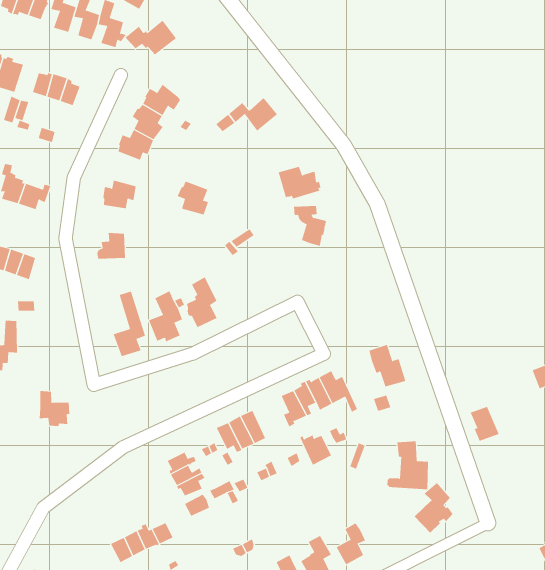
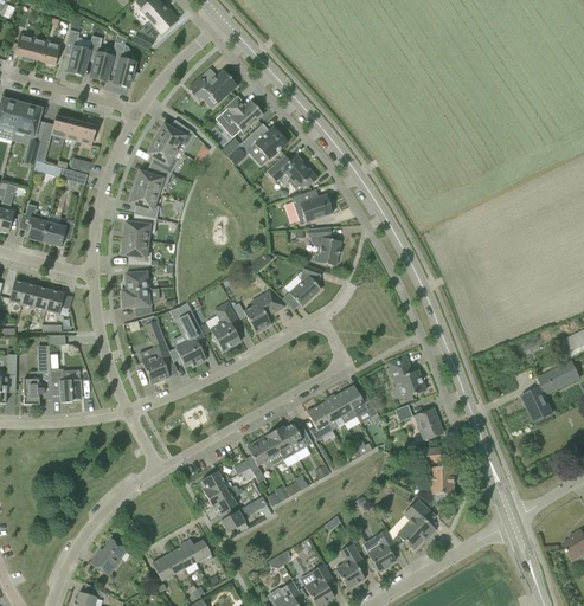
building: [125,20,177,55] -> [187,69,237,103]
building: none -> [216,95,262,136]
building: none -> [265,153,316,188]
building: [177,181,209,215] -> [128,186,159,218]
building: none -> [121,238,150,264]
building: none -> [288,263,322,305]
building: none -> [121,286,159,316]
building: none -> [243,290,284,331]
building: [39,391,70,426] -> [50,368,81,401]
building: none -> [415,407,442,439]
building: [470,406,499,442] -> [522,386,552,420]
building: [299,435,332,465] -> [280,423,312,452]
building: [414,482,454,534] -> [397,498,435,548]
building: none -> [89,537,126,574]

